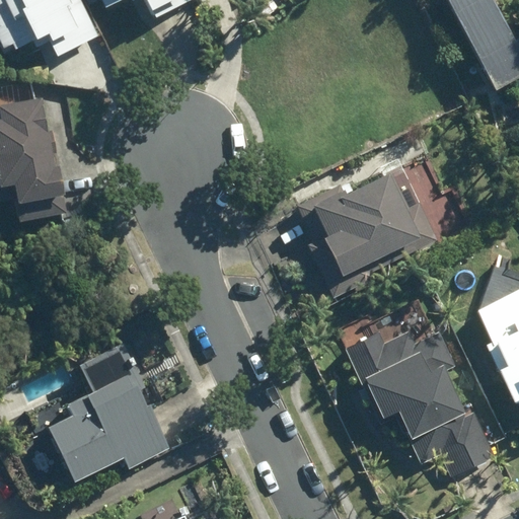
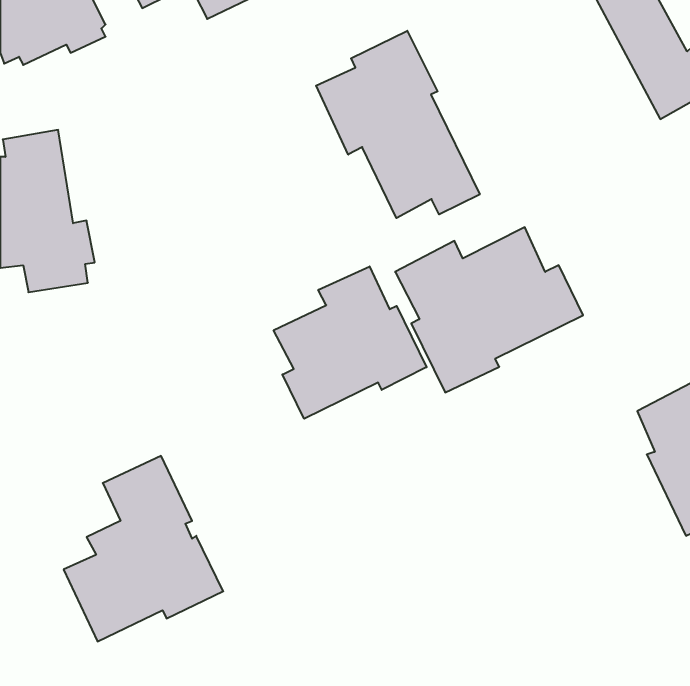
building: none -> [316,31,480,218]
building: none -> [274,266,427,419]
building: [346,329,494,472] -> none

